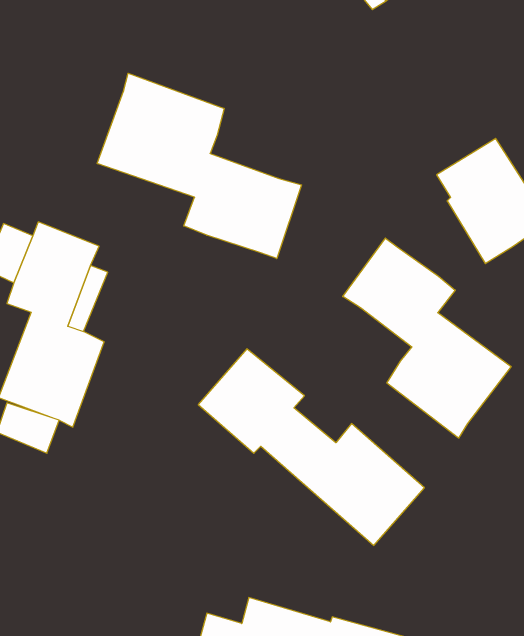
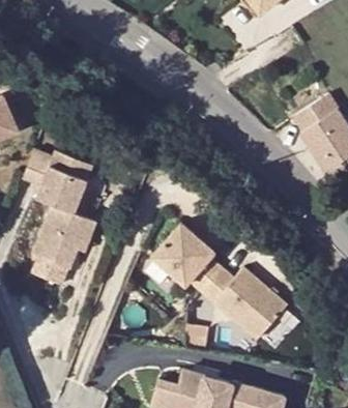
building: [97,73,302,259] -> none
building: [343,238,511,438] -> none

